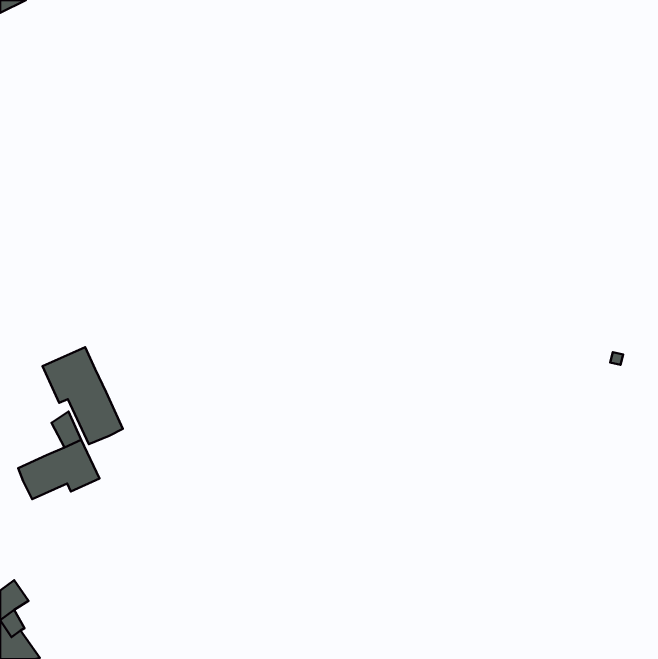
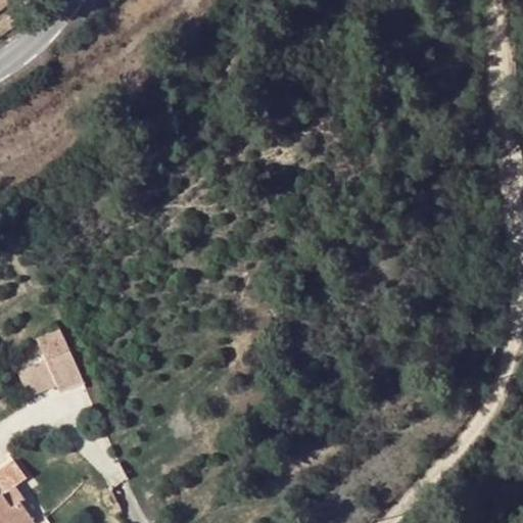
building: [43,347,123,444] -> none

